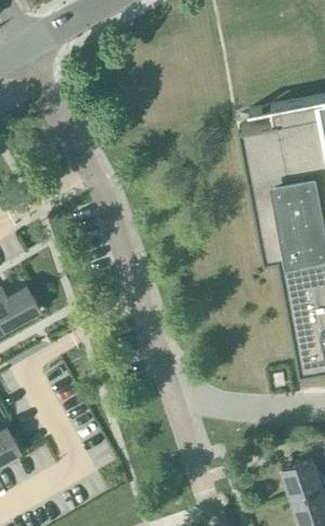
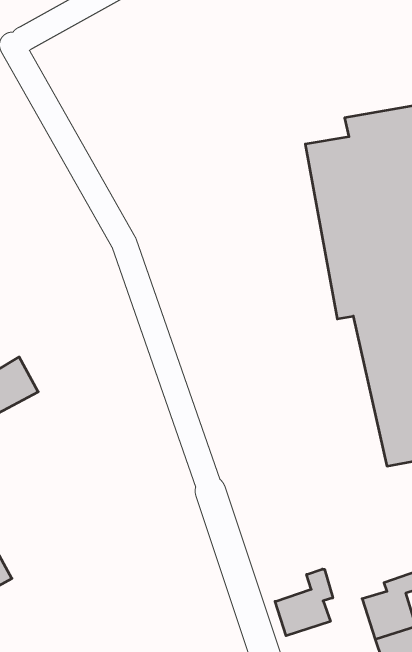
building: none -> [275,569,333,636]

